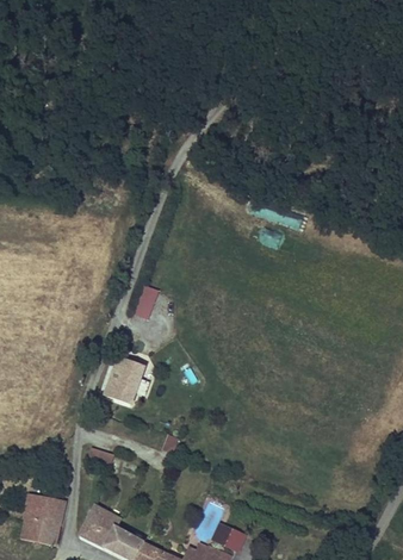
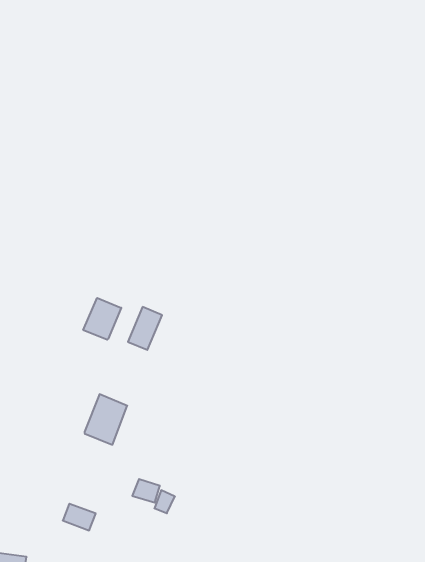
building: none -> [83,298,121,340]

